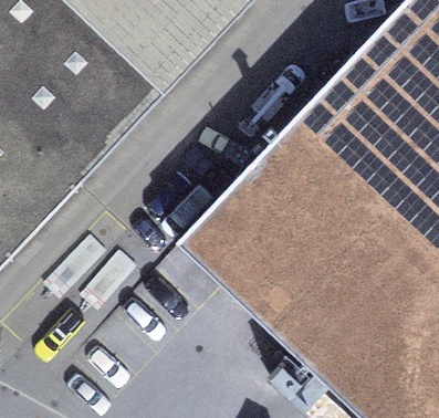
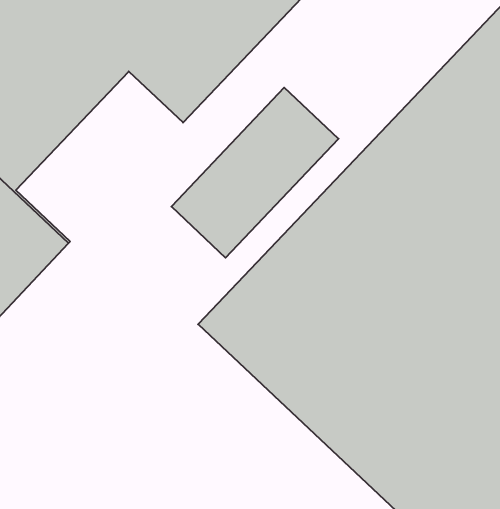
building: [42,53,165,178] -> [171,88,339,258]

